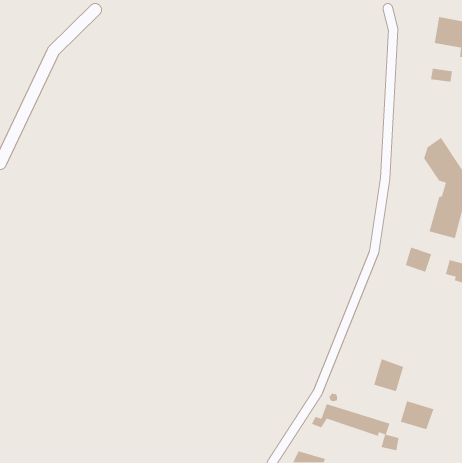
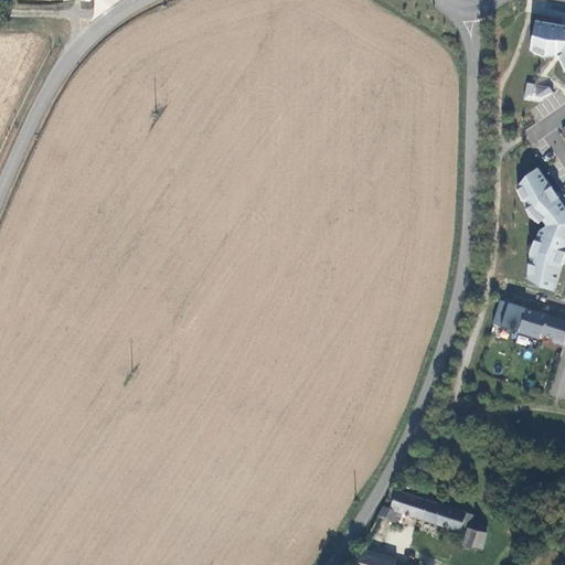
building: none -> [520,309,548,339]
building: [373,358,404,392] -> none
building: [400,400,434,430] -> none

